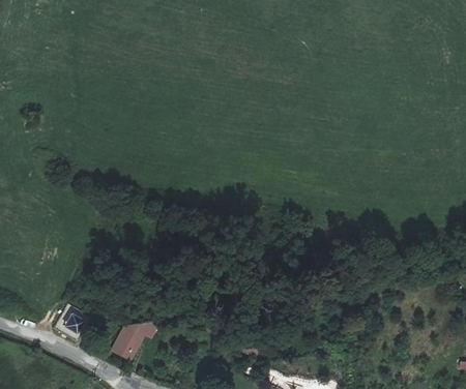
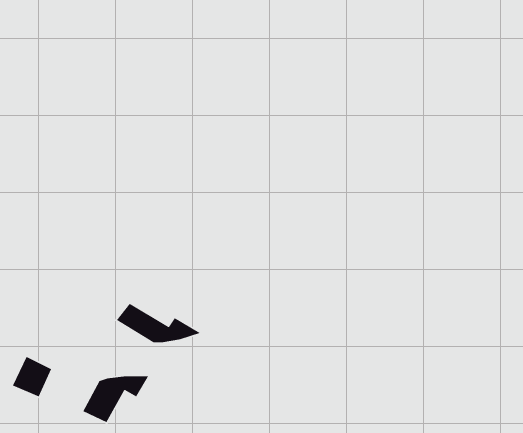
building: none -> [116,303,201,343]

